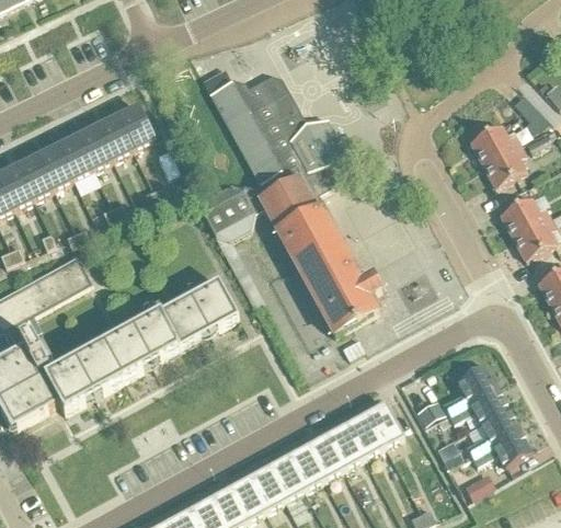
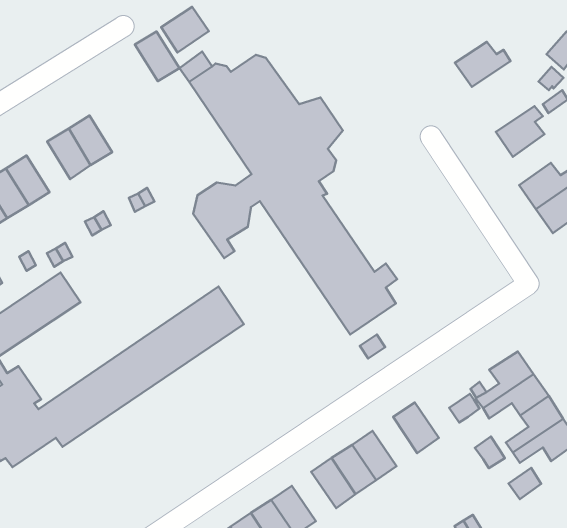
building: none -> [161,7,209,53]
building: [116,104,154,149] -> [135,32,180,81]
building: [469,124,519,163] -> [455,42,511,87]
building: [56,134,93,180] -> none
building: [345,412,383,457] -> none
building: [267,455,306,500] -> none

